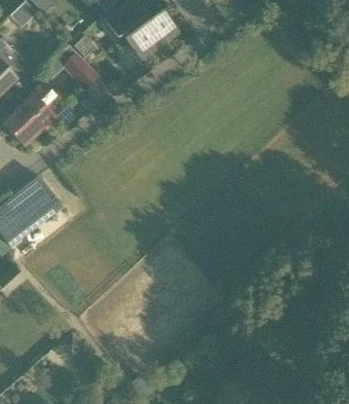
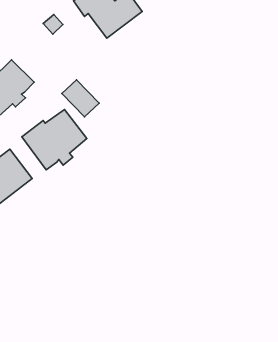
building: [61,50,100,89] -> [62,80,99,117]
building: none -> [22,110,87,170]

